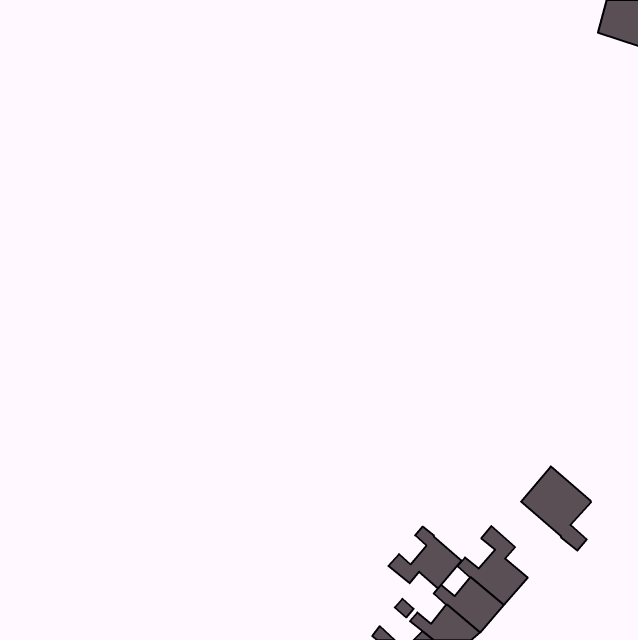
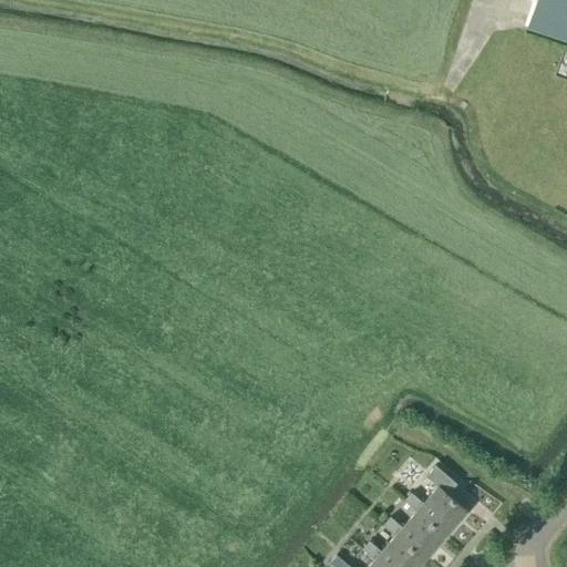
building: [521,466,591,551] -> none
building: [388,527,462,588] -> none

